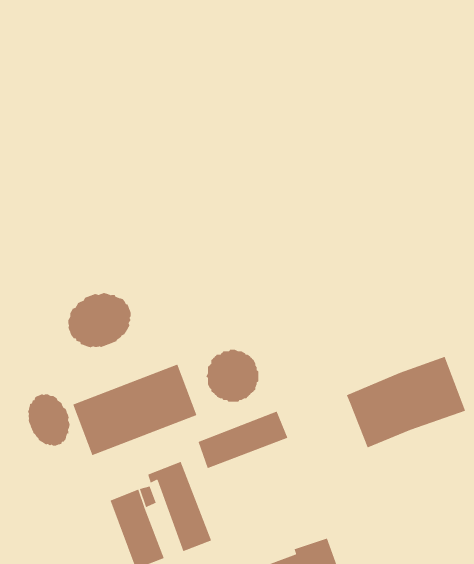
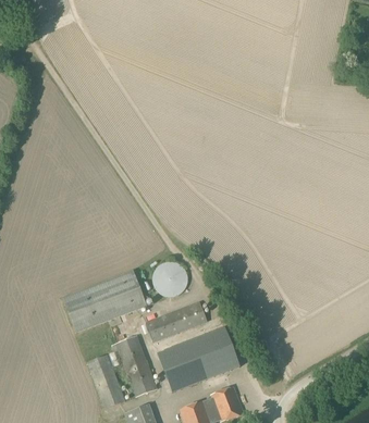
building: [67,292,132,348] -> none
building: [346,356,466,448] -> [159,329,239,391]
building: [27,393,71,447] -> none

